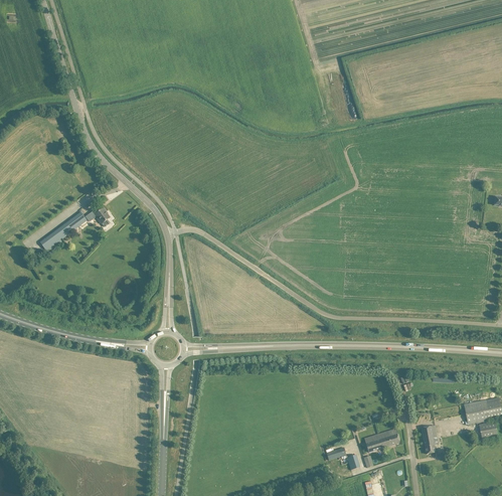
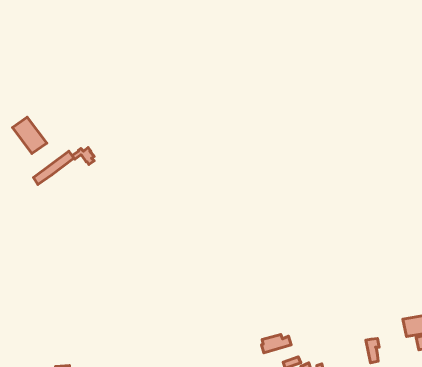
building: none -> [12,117,47,154]
building: [366,430,400,451] -> [261,334,291,353]

